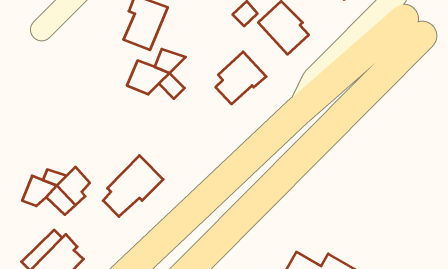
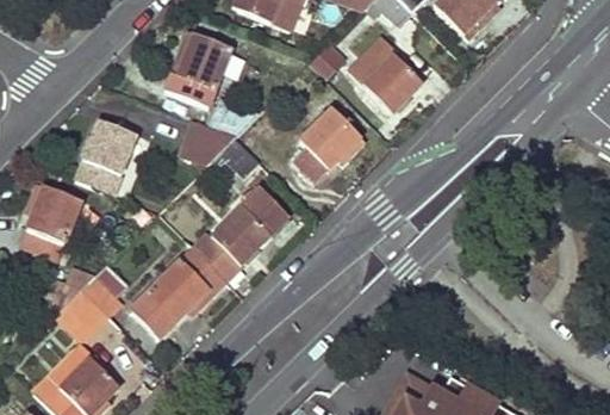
building: none -> [73,123,137,194]
building: none -> [21,185,82,259]
building: none -> [197,185,293,280]

